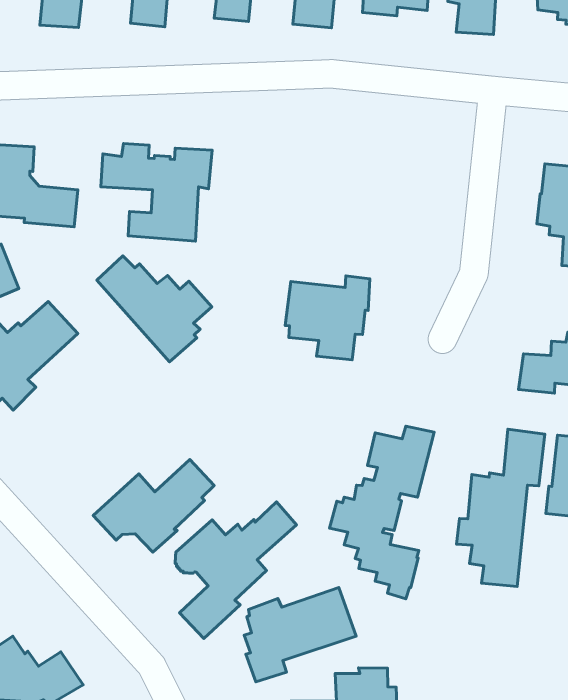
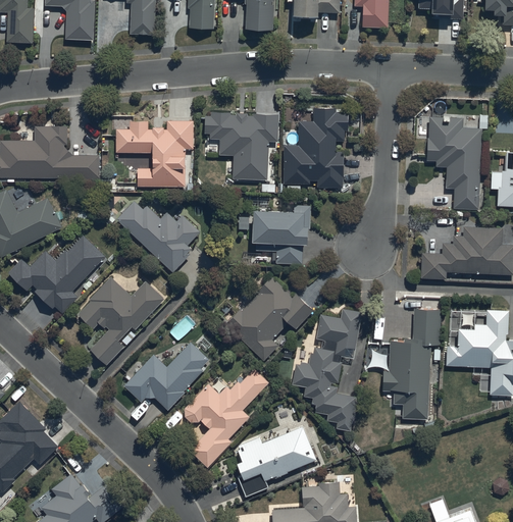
building: none -> [204,112,277,179]
building: none -> [284,109,347,187]
building: none -> [78,276,163,365]
building: none -> [225,275,313,360]

